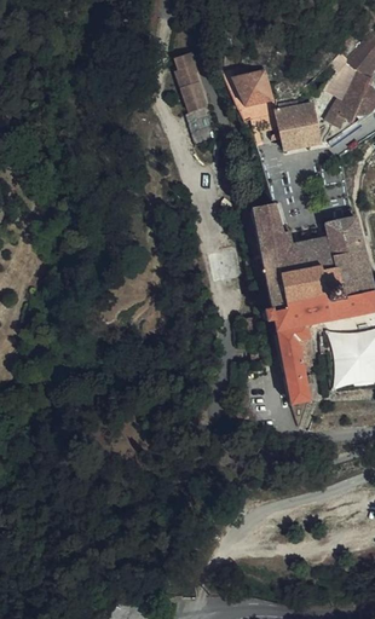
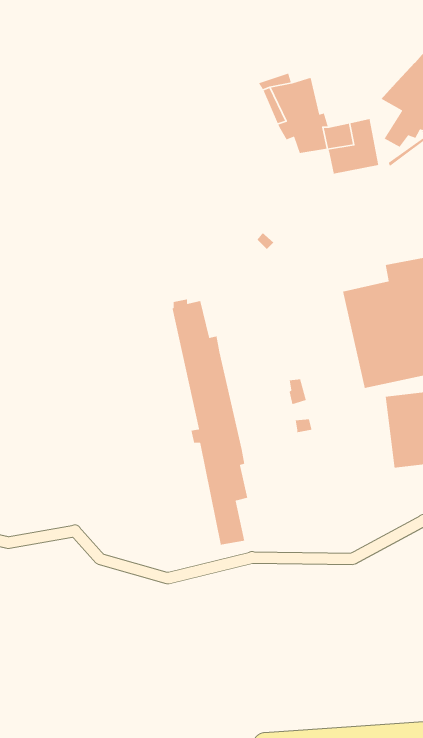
building: [177,51,218,144] -> none
building: [252,201,315,403] -> [171,299,248,545]

